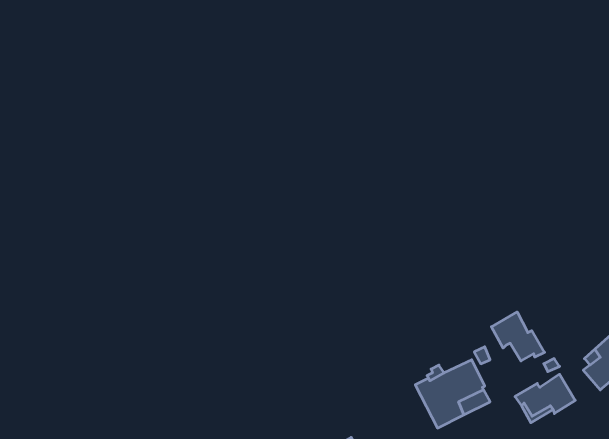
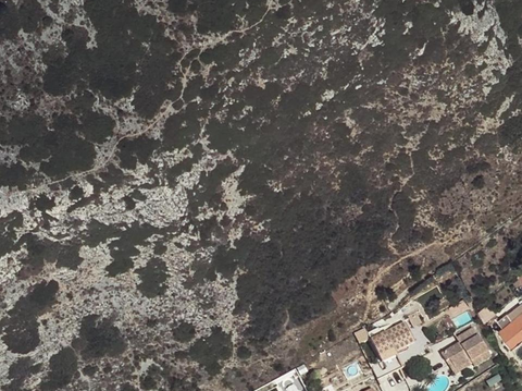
building: [491,312,545,361] -> none

